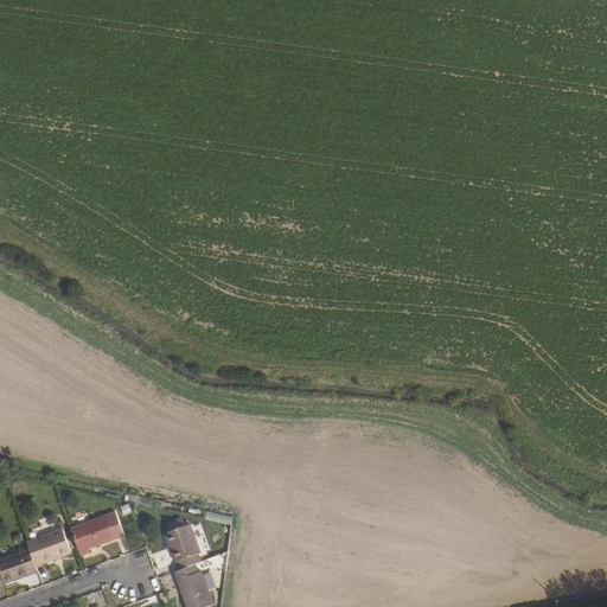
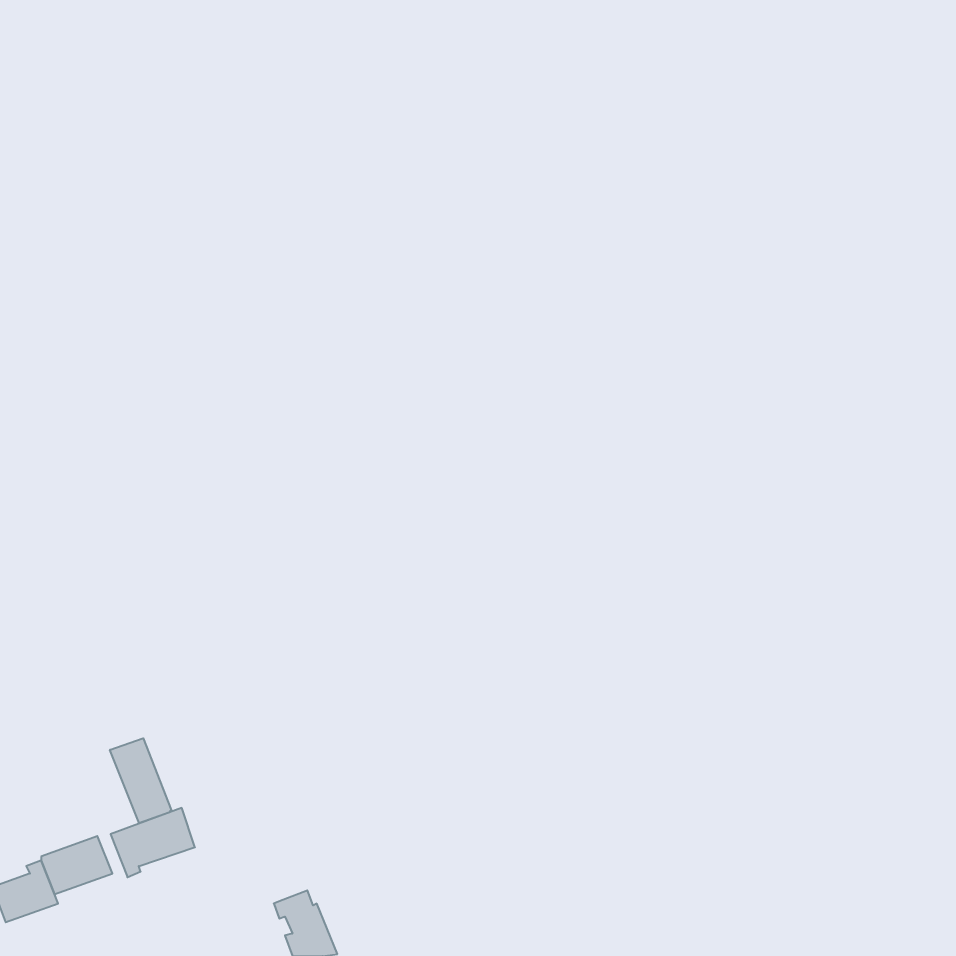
building: none -> [110,738,171,823]
building: [165,524,202,569] -> none

